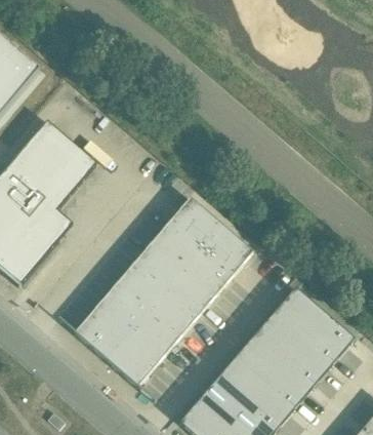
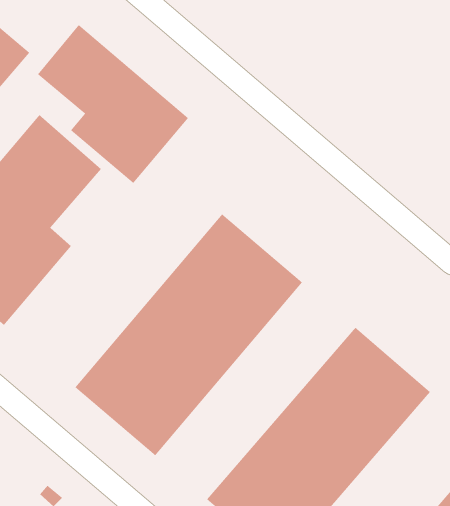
building: none -> [37,24,189,184]

